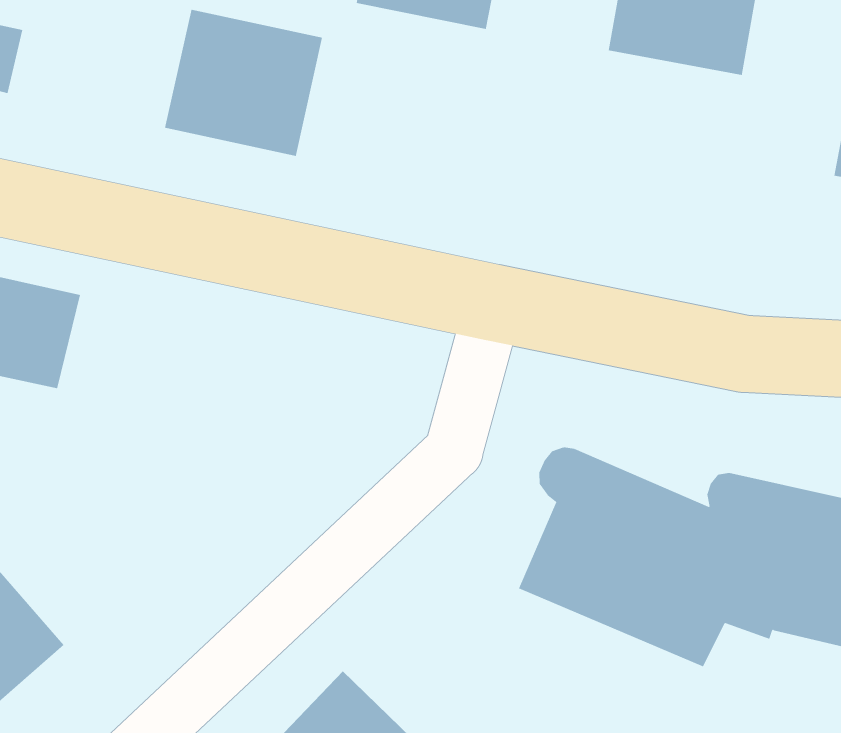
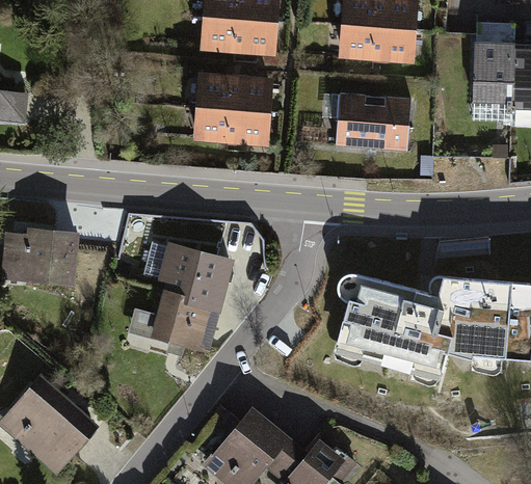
building: [164,9,323,156] -> [194,76,272,146]
building: none -> [336,91,408,150]
building: none -> [150,249,231,351]

